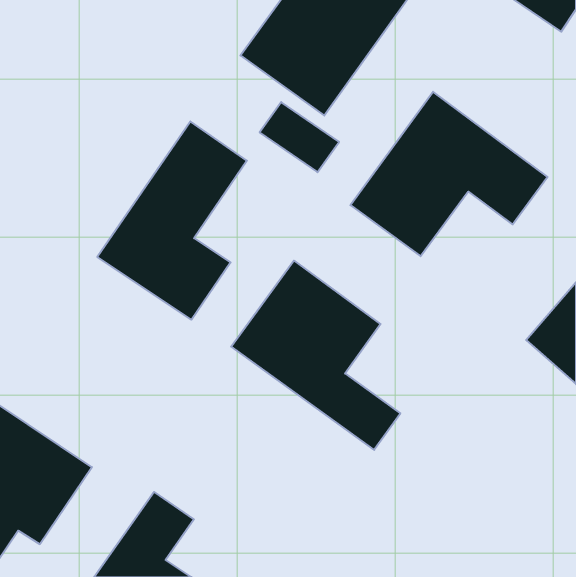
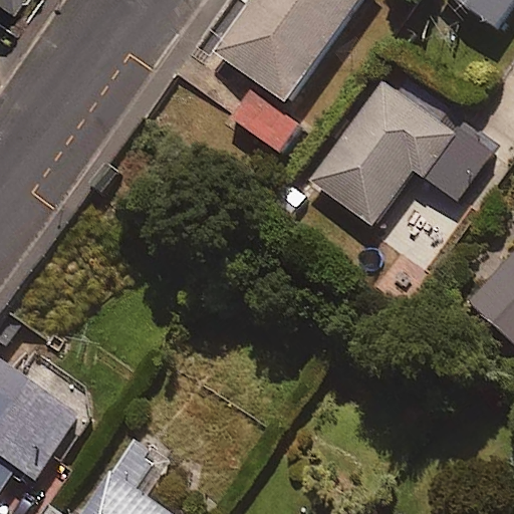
building: [97,121,247,320] -> none
building: [231,261,400,450] -> none

